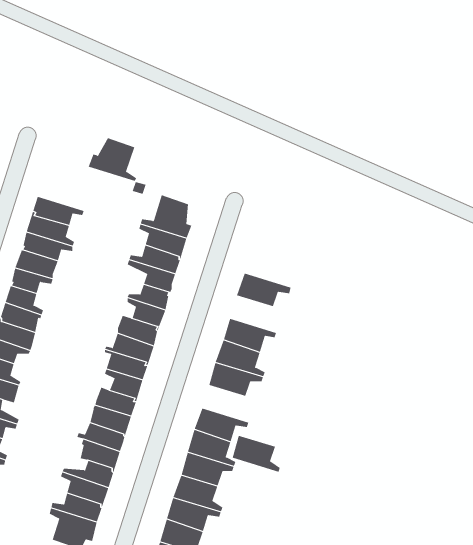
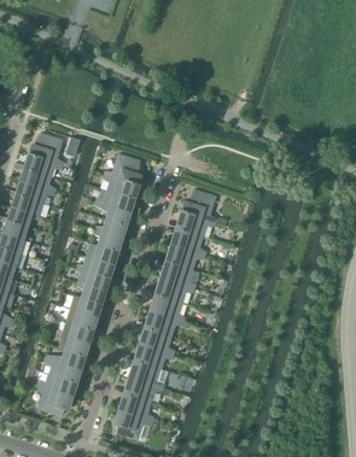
building: [88,137,137,181] -> [28,133,64,165]
building: none -> [181,189,217,222]
building: none -> [170,228,206,256]
building: [232,435,281,473] -> [150,294,186,322]

